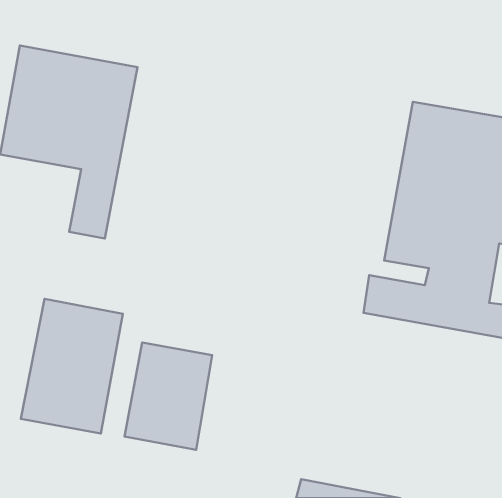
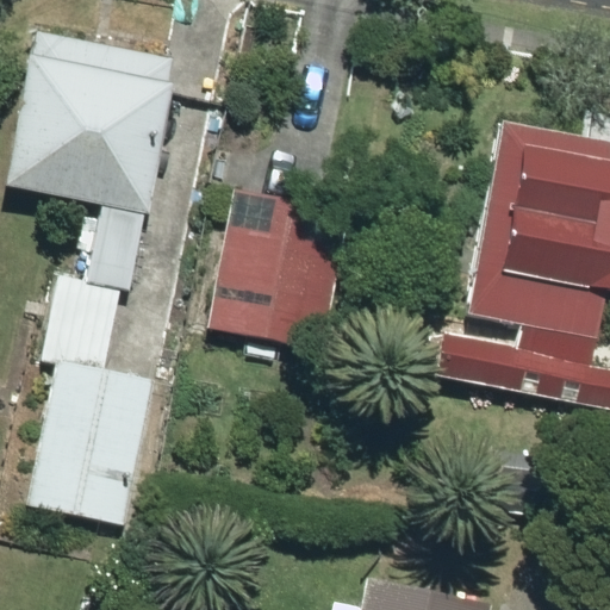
building: none -> [208,188,348,348]
building: [125,342,212,450] -> none

